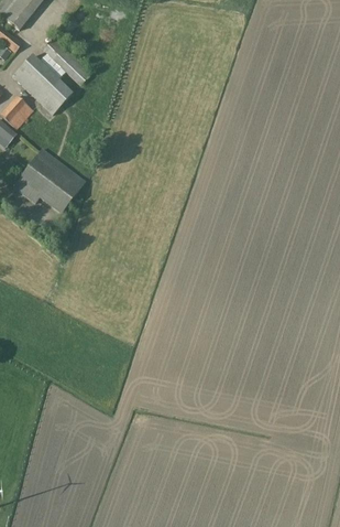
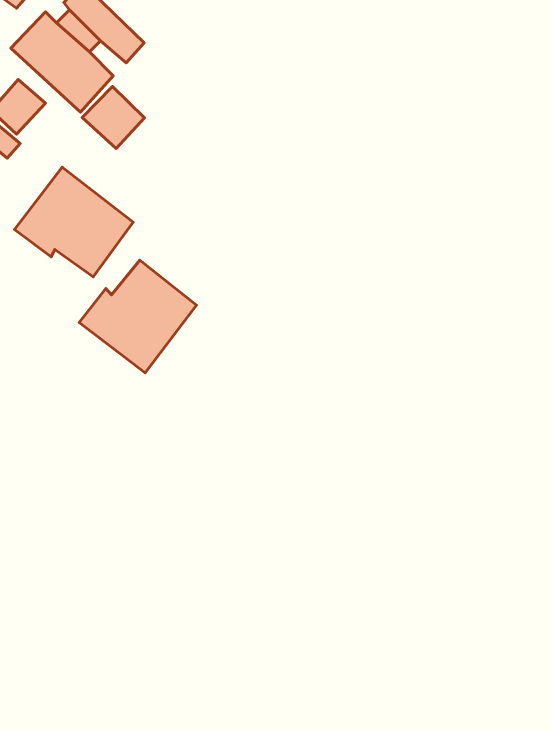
building: none -> [82,87,144,149]
building: none -> [79,260,196,373]

